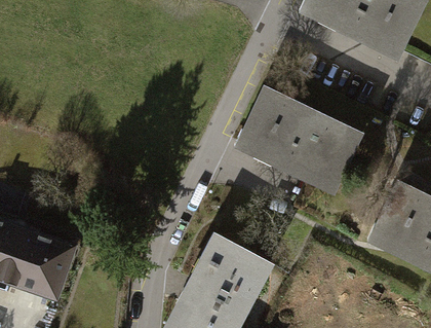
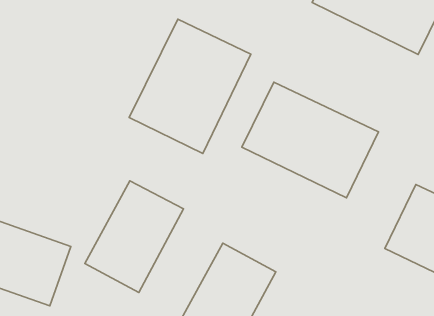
building: none -> [129,19,251,153]
building: none -> [85,181,183,292]

